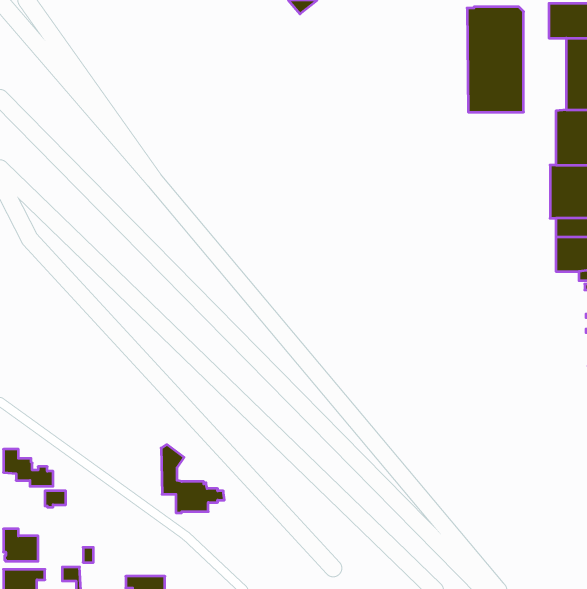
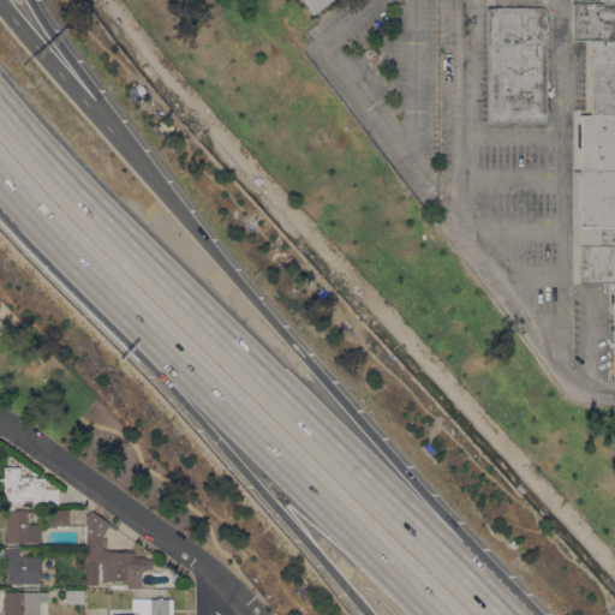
building: [161,445,224,513] -> [88,513,154,584]
building: none -> [7,512,42,543]

